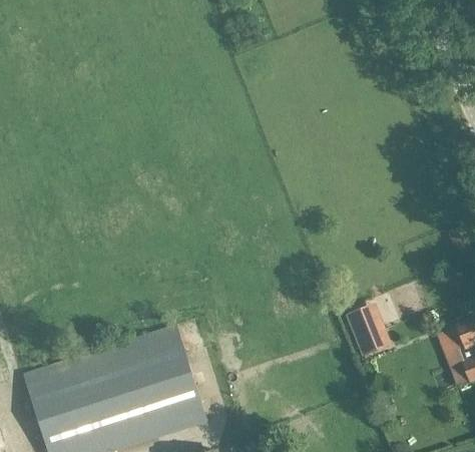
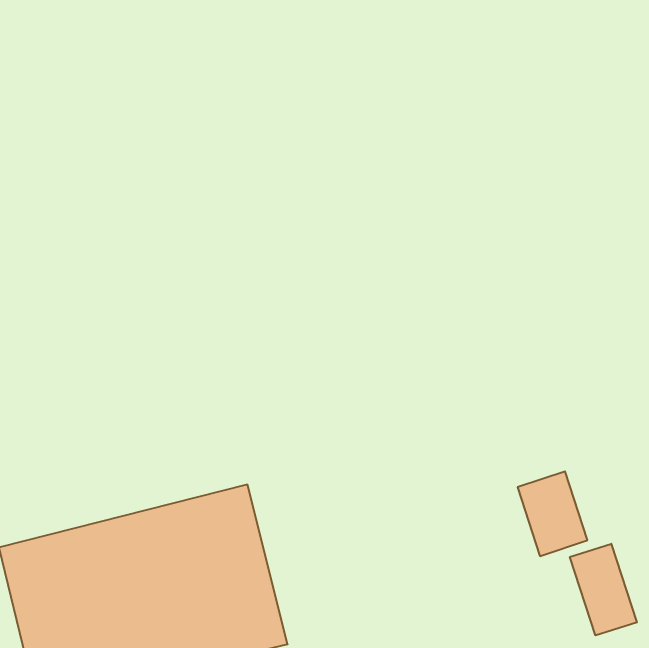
building: none -> [570,544,637,635]

